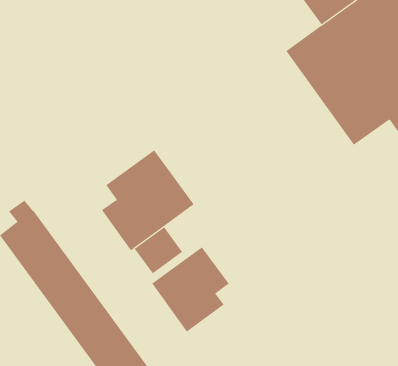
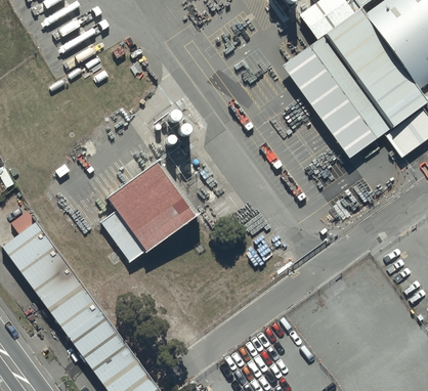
building: [134,227,183,274] -> none
building: [151,246,229,333] -> none

